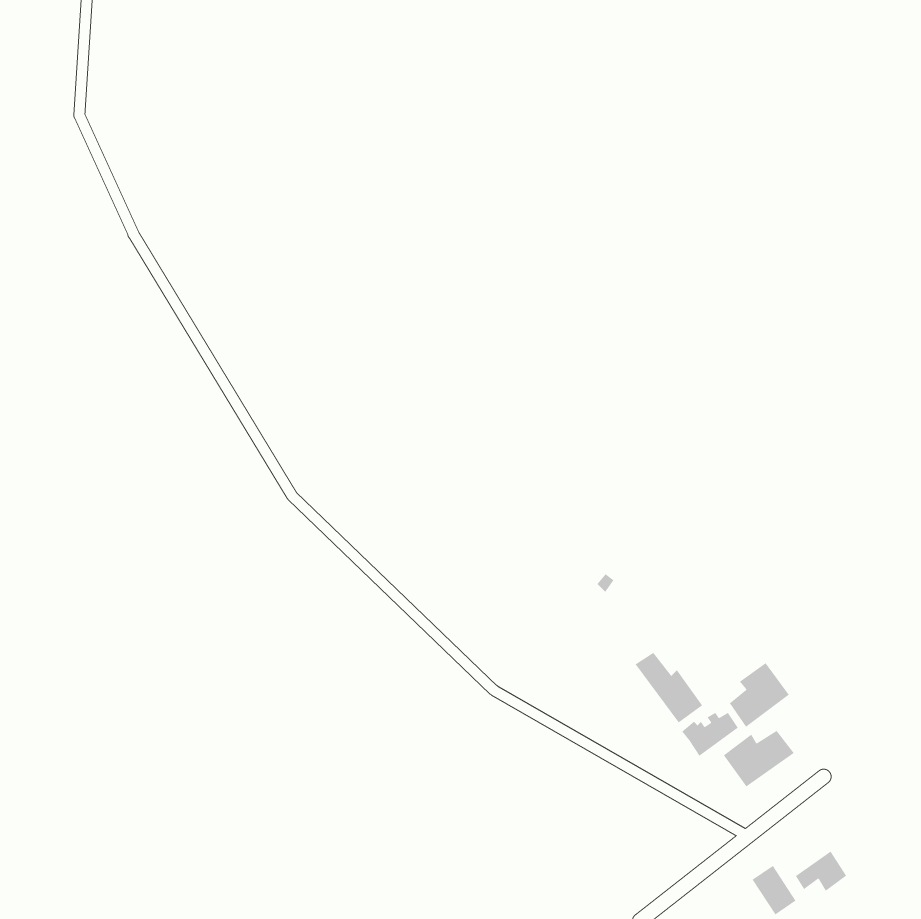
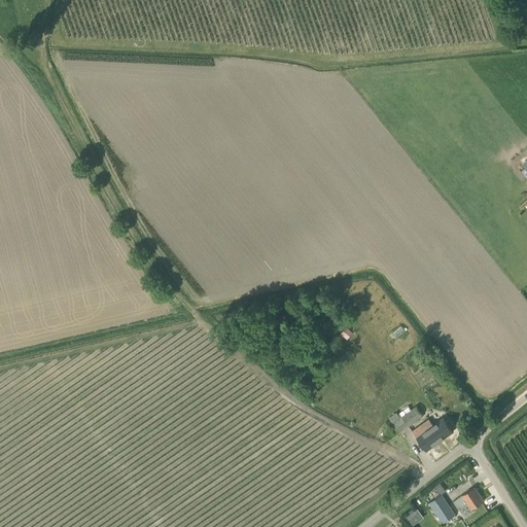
building: [634,652,703,724] -> none
building: [729,662,790,728] -> none

